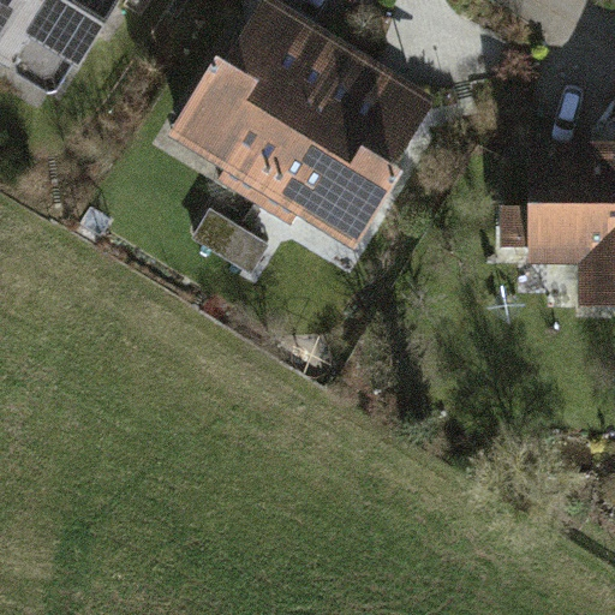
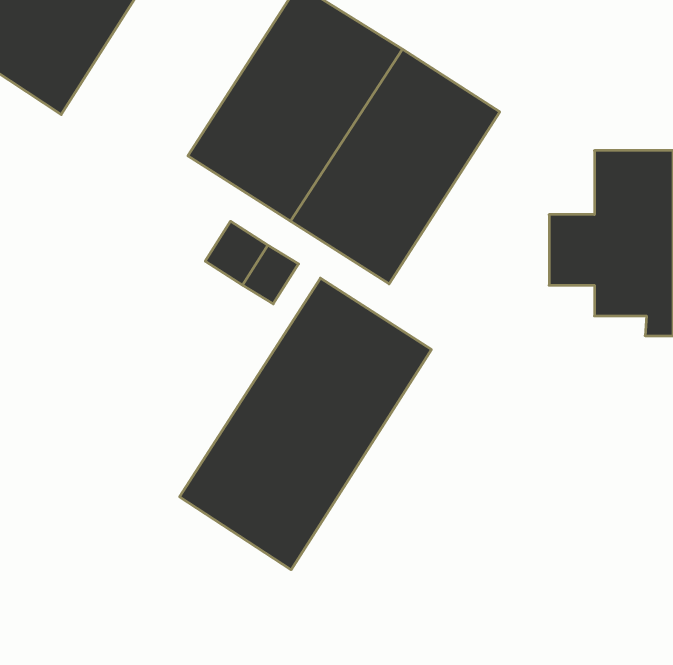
building: none -> [180,278,431,570]

